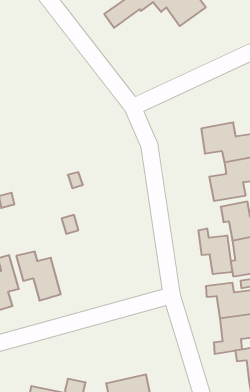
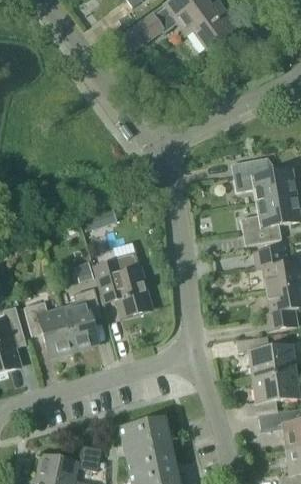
building: none -> [94,251,152,316]
building: [198,228,232,274] -> none
building: none -> [63,288,102,350]
building: none -> [119,416,170,450]

